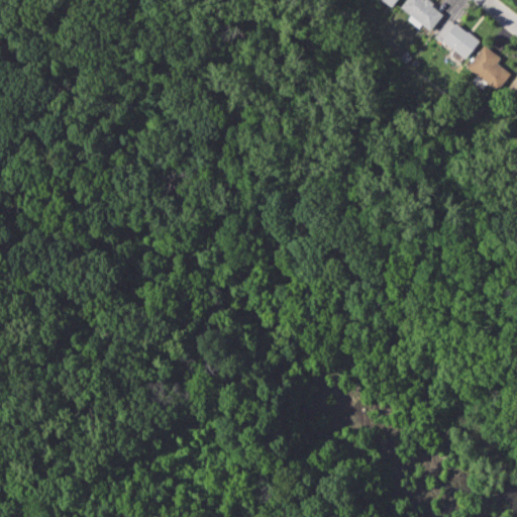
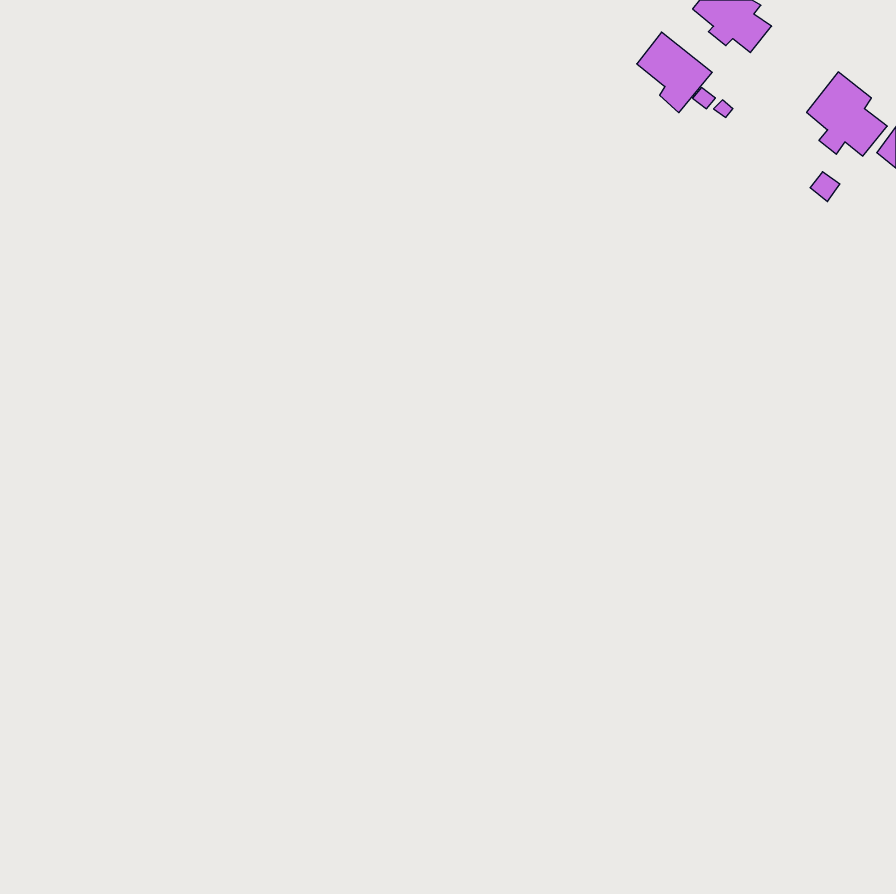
building: [436,18,480,65] -> [637,32,712,113]

